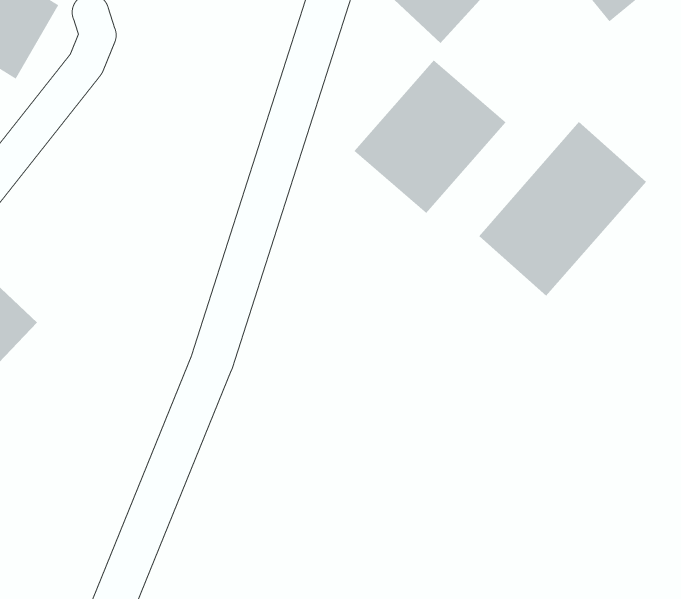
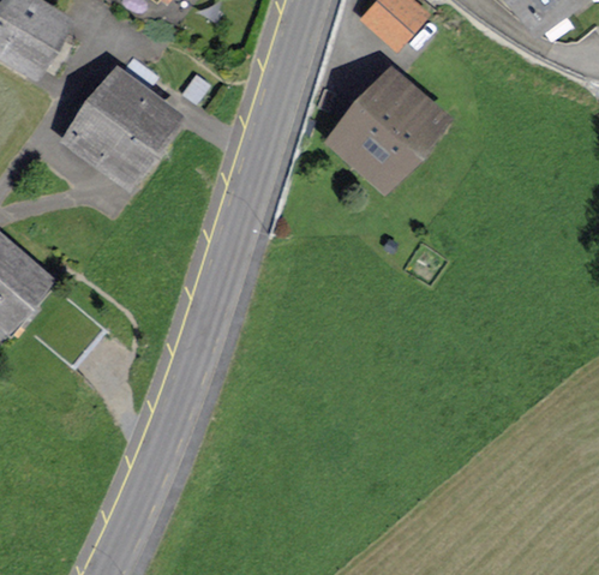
building: none -> [59,64,185,190]
building: [478,121,647,297] -> none

